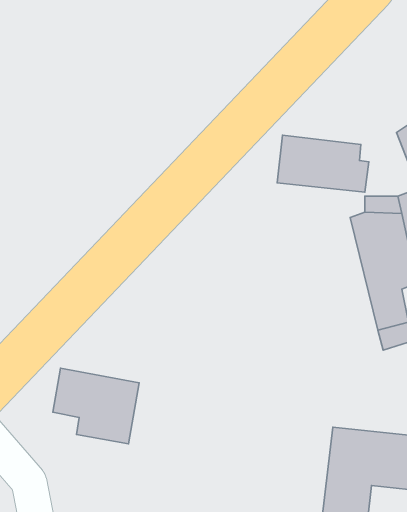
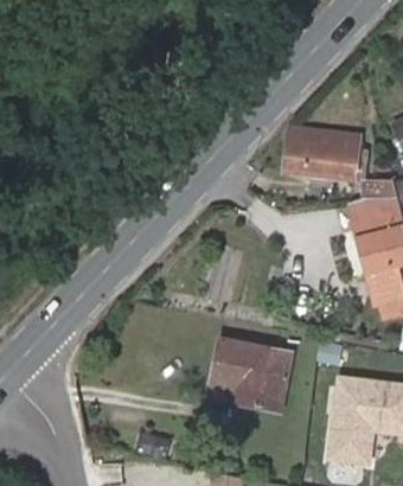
building: [53,368,139,444] -> [213,341,290,409]

